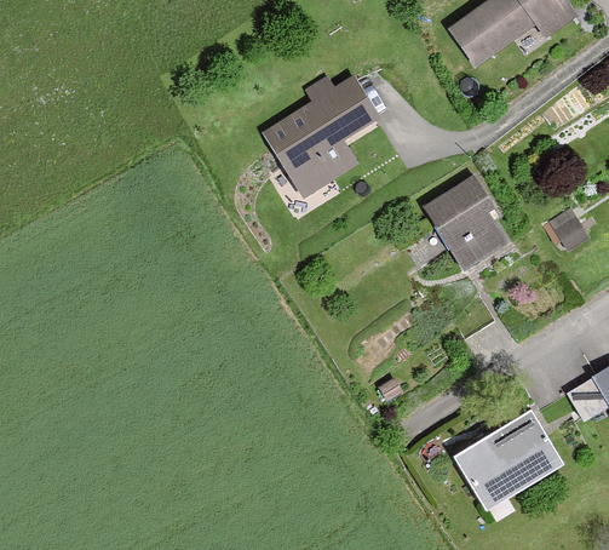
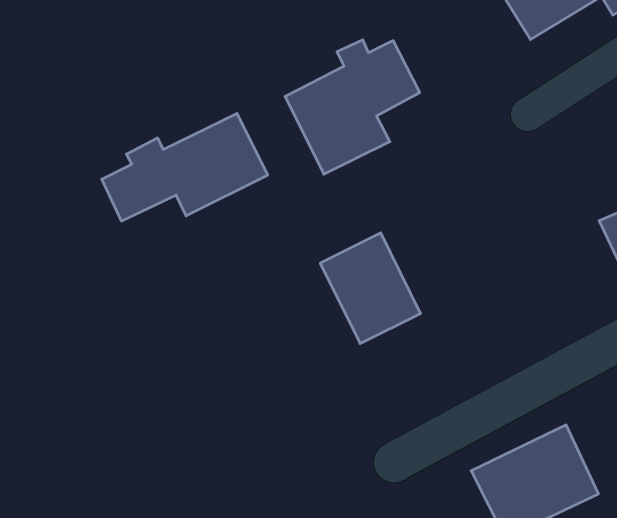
building: none -> [102,113,268,221]
building: [423,178,513,276] -> [320,233,421,344]

